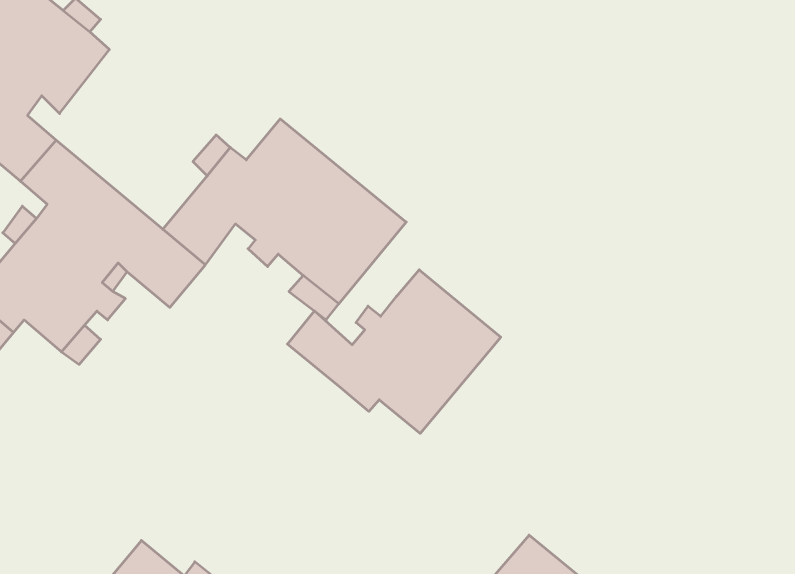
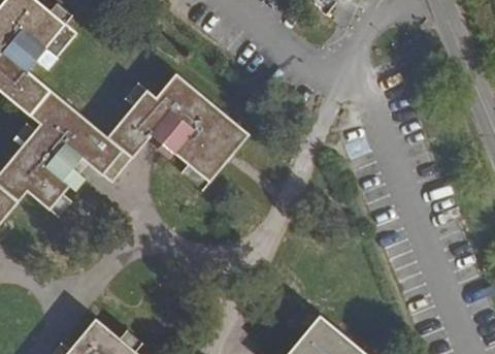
building: [287,270,501,433] -> none

